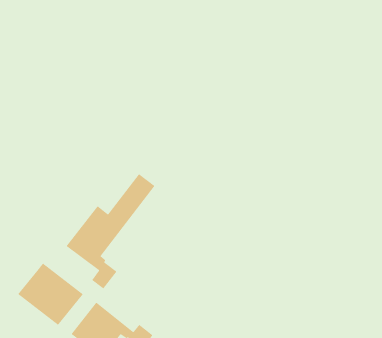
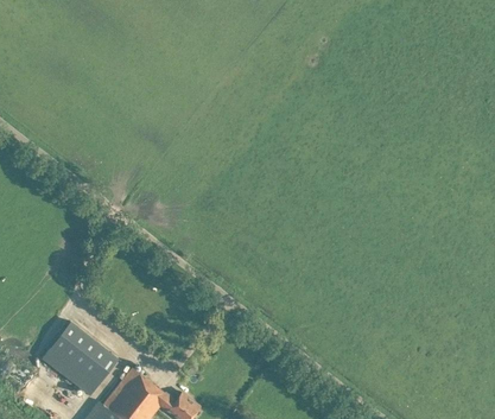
building: [66,173,156,290] -> none

